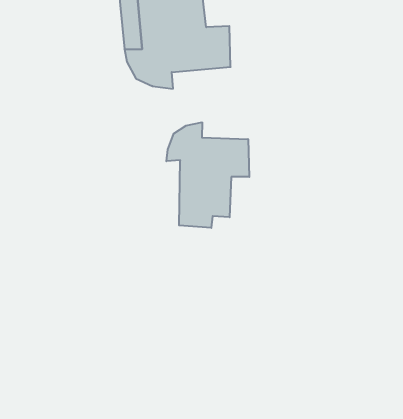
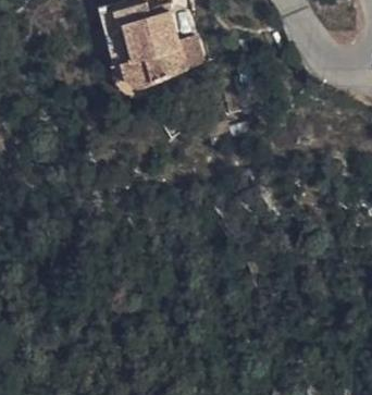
building: [166,122,249,228] -> none

